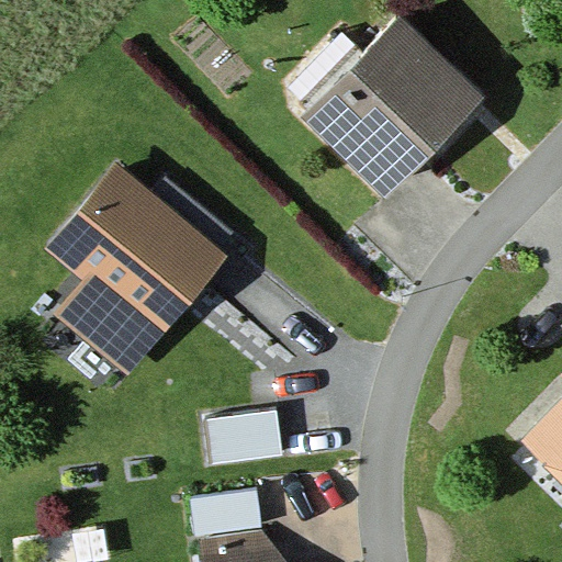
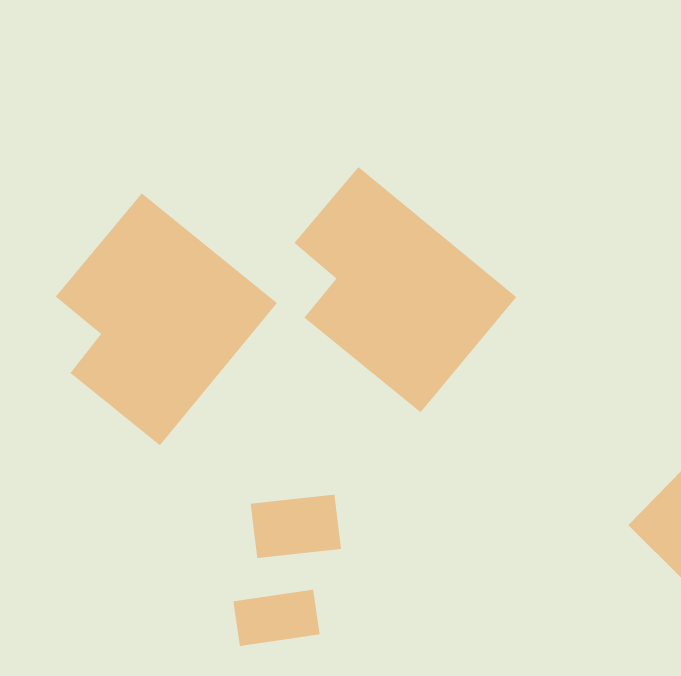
building: [305,16,480,190] -> none
building: none -> [294,166,517,413]

